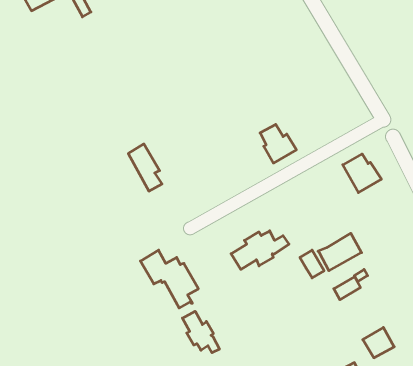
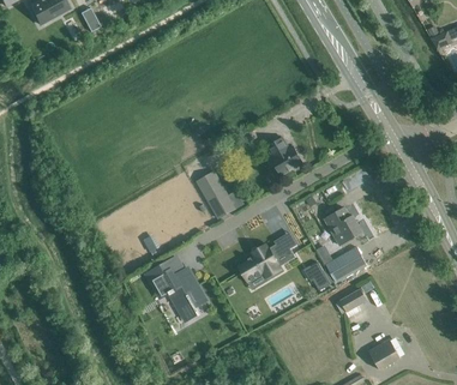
building: [128,144,162,191] -> [198,170,231,217]
building: [343,154,381,193] -> [325,206,363,245]
building: [182,311,219,353] -> none

